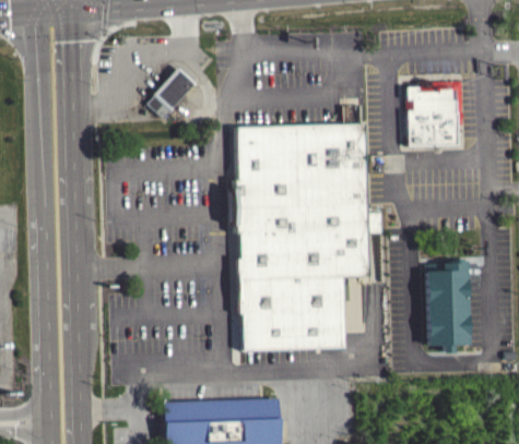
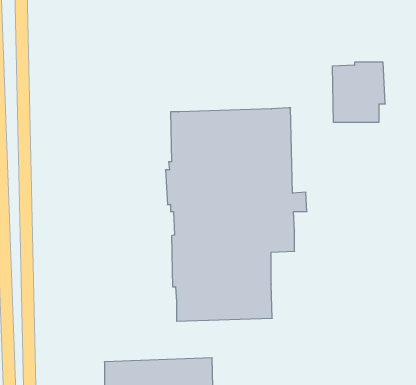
building: [146,72,196,124] -> none
building: [423,256,472,346] -> none

